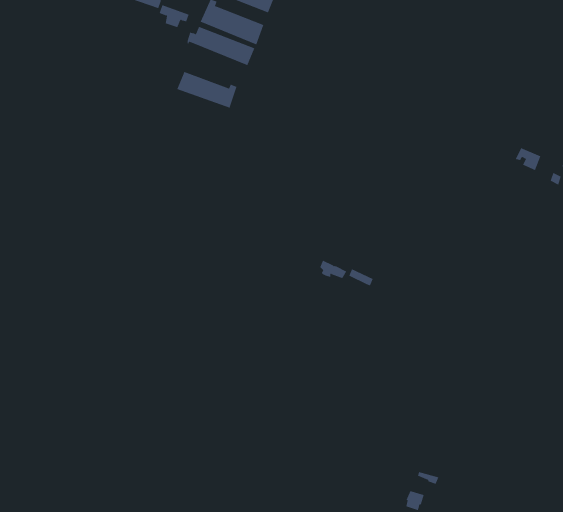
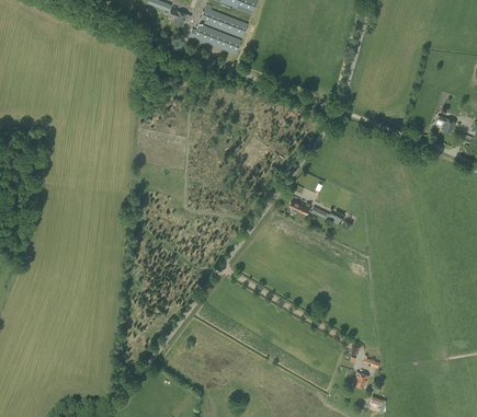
building: [177,71,237,108] -> none

